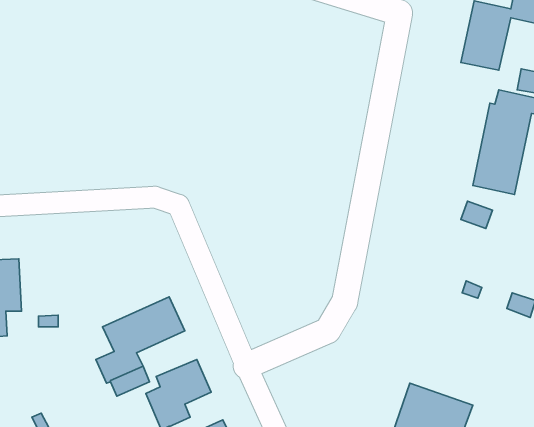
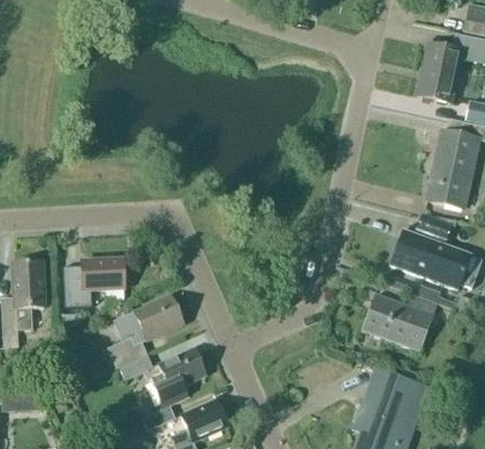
building: none -> [390,230,469,289]
building: none -> [67,259,123,305]
building: none -> [362,293,436,350]

